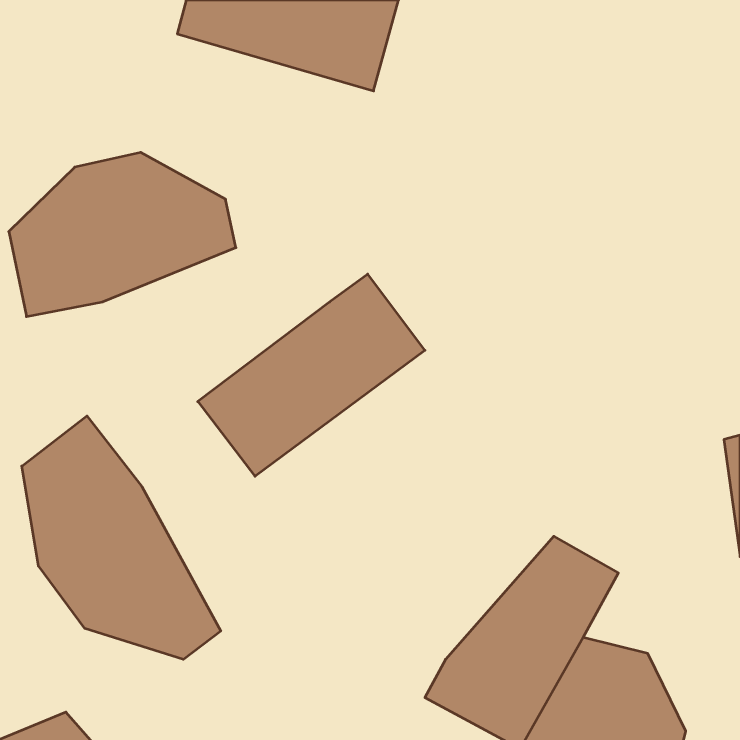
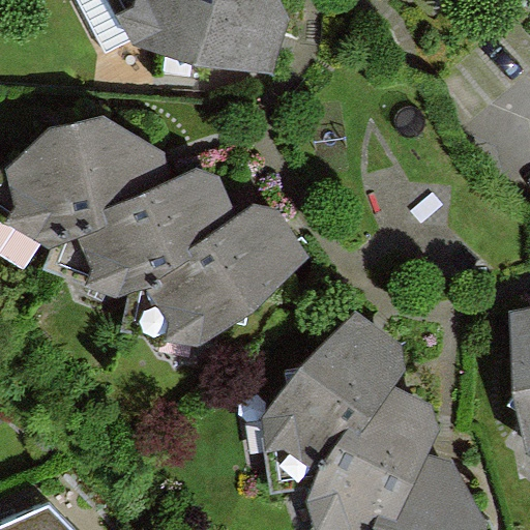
building: none -> [72,165,233,301]
building: [22,416,221,659] -> none
building: none -> [260,316,411,472]

